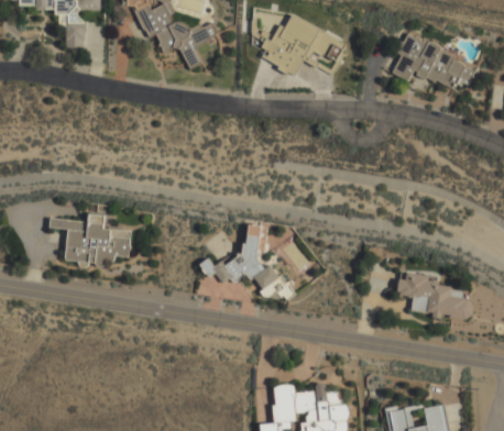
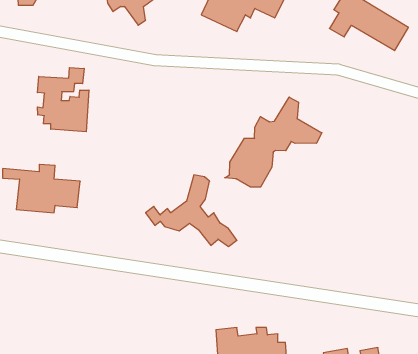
building: none -> [37,68,89,132]
building: none -> [225,97,322,187]
building: [398,272,473,319] -> none

